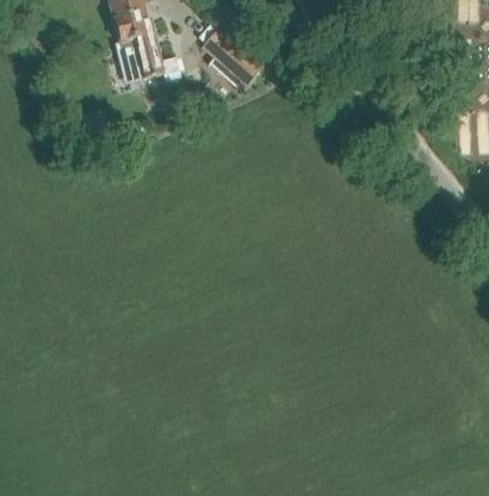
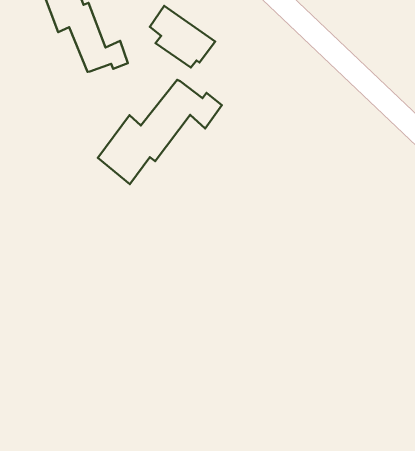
building: none -> [98,80,222,184]

